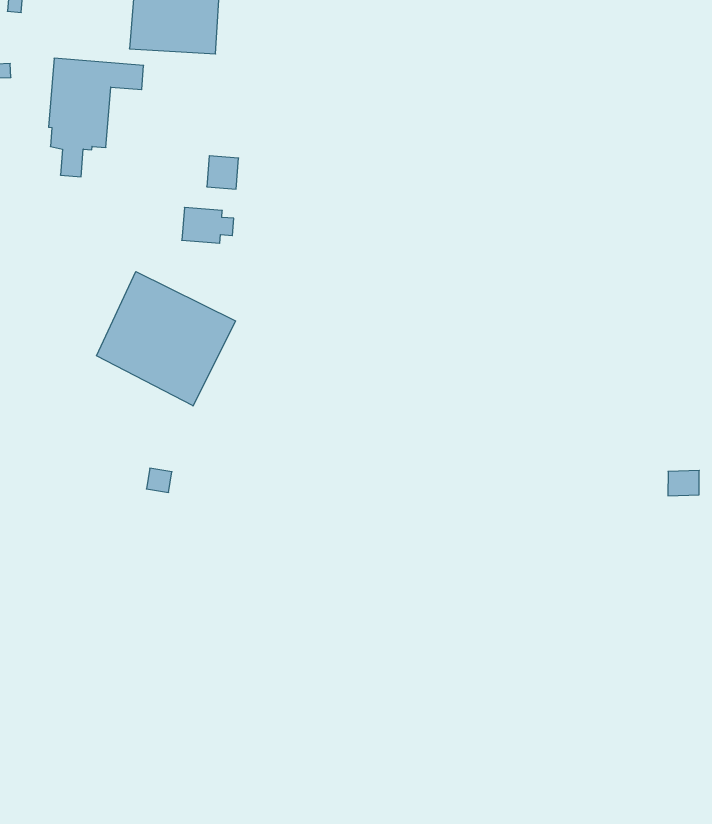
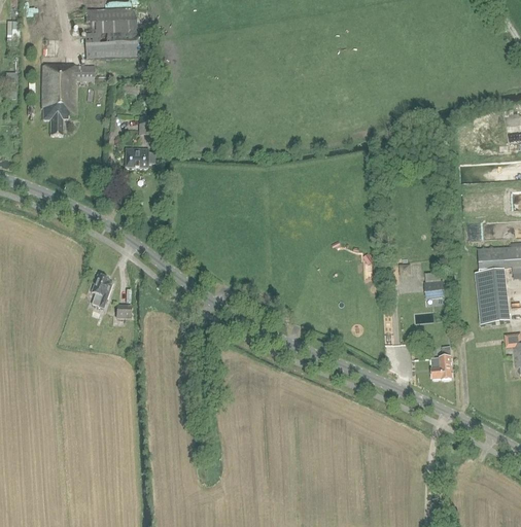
building: [96,272,235,406] -> none
building: none -> [91,274,111,307]
building: none -> [430,347,452,381]

